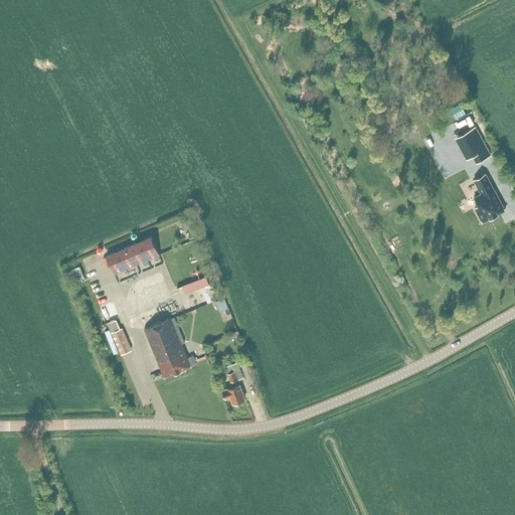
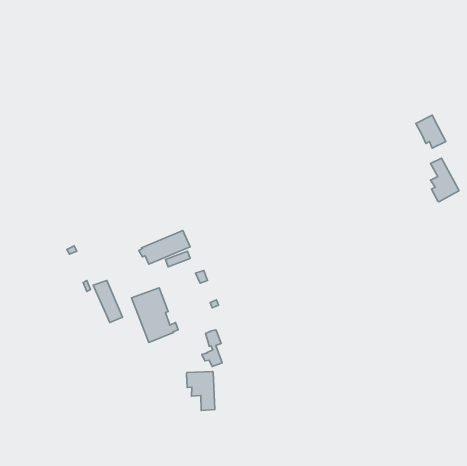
building: [103,237,159,275] -> [139,230,190,264]
building: none -> [186,371,215,410]

